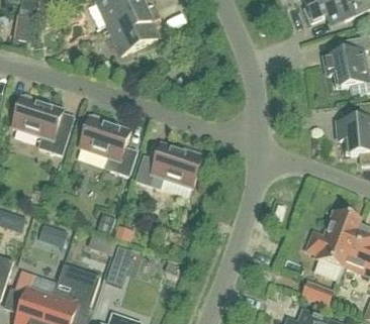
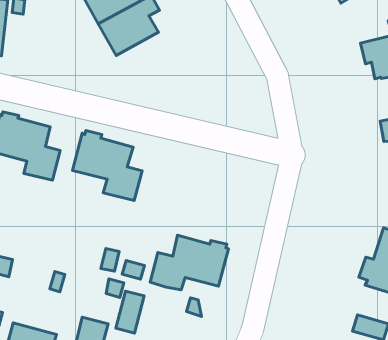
building: [135,142,202,188] -> [150,235,228,290]

